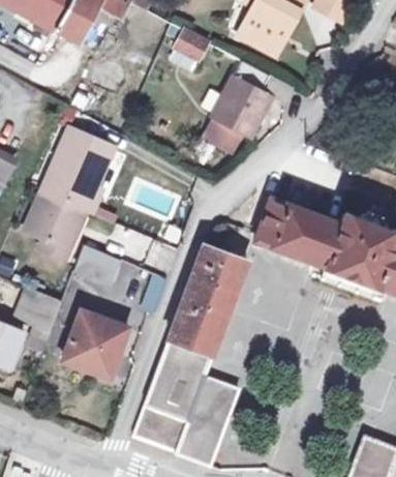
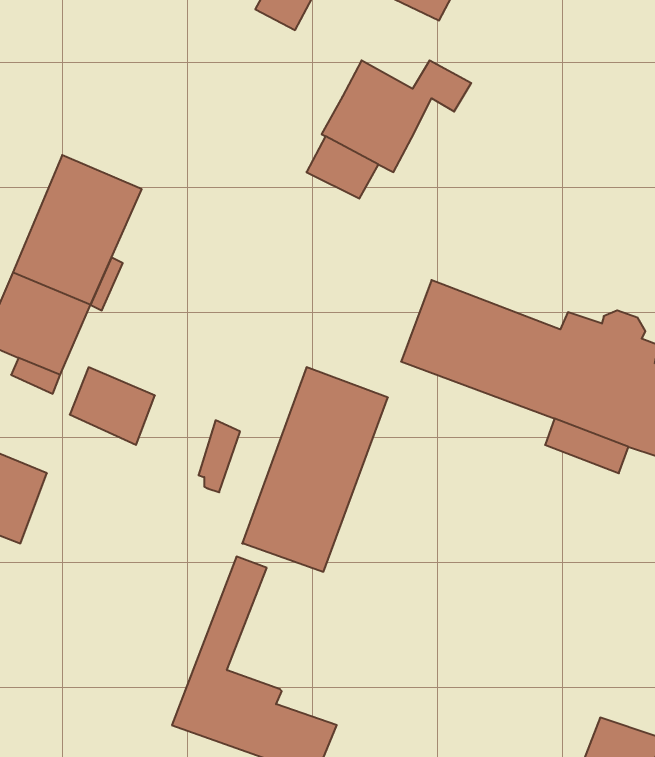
building: [61,309,128,375] -> none
building: [159,340,238,440] -> none

